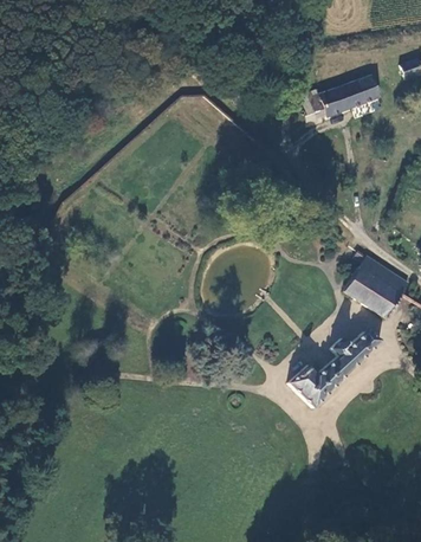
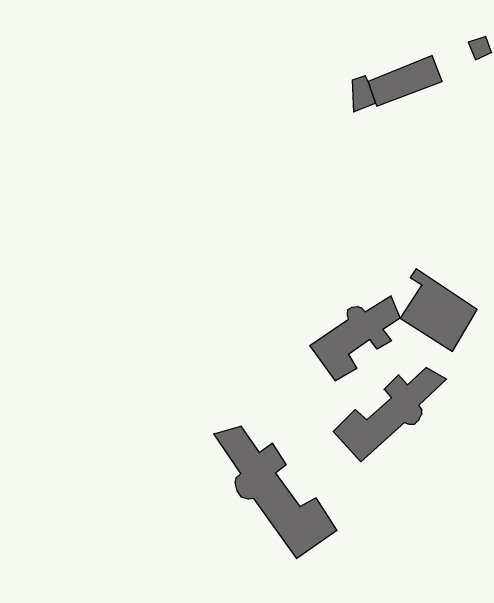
building: none -> [310,296,400,381]
building: none -> [214,426,337,559]

